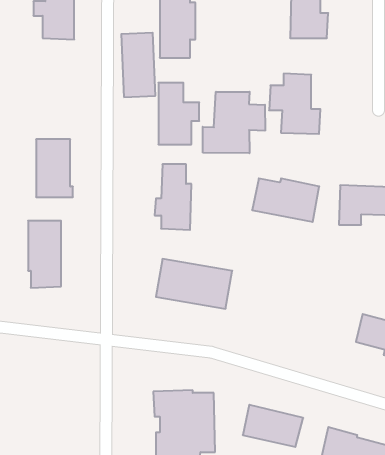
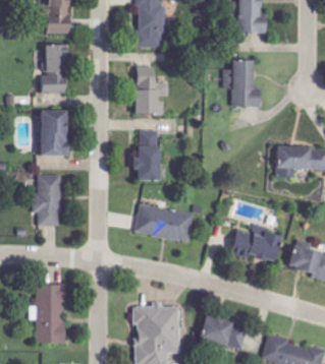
building: [121,33,155,97] -> [41,44,67,94]
building: [203,92,265,153] -> none
building: [252,178,319,222] -> [229,229,281,262]
building: none -> [28,285,64,343]

